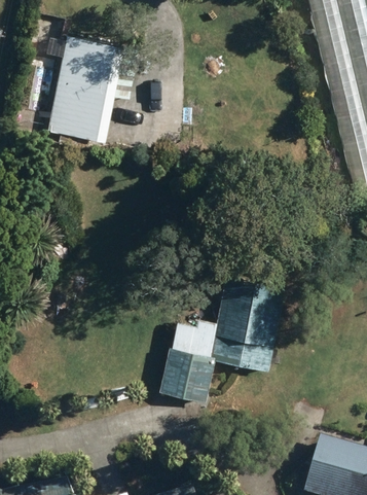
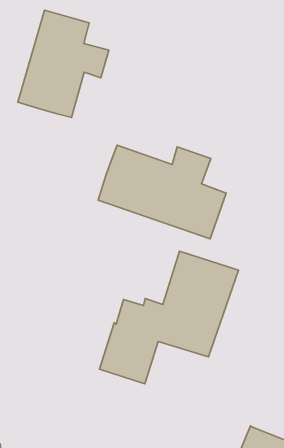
building: none -> [98,145,226,239]

